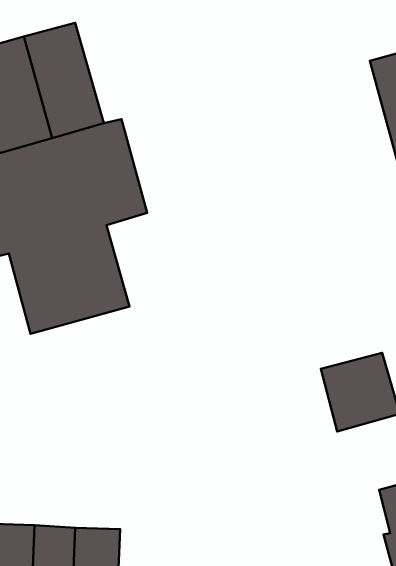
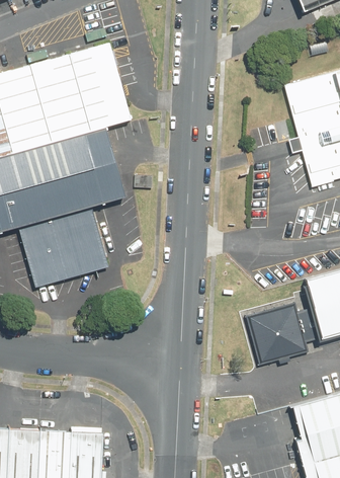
building: none -> [66,46,126,132]

